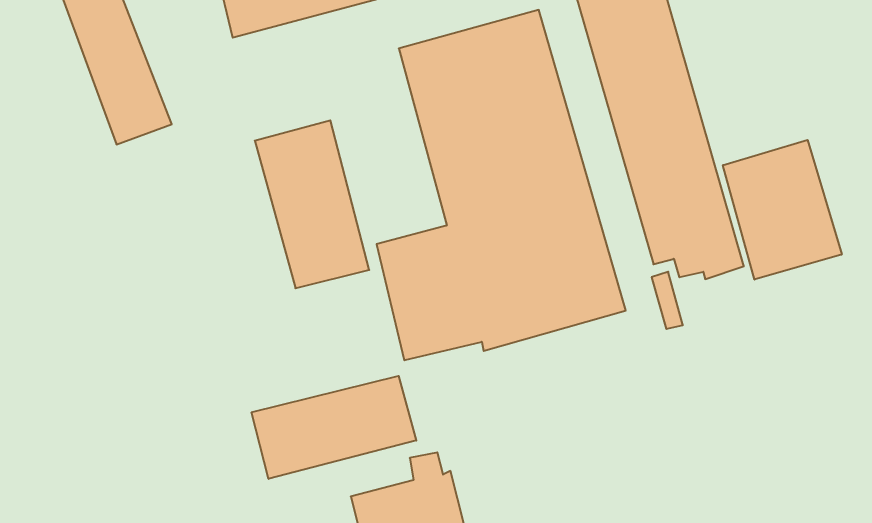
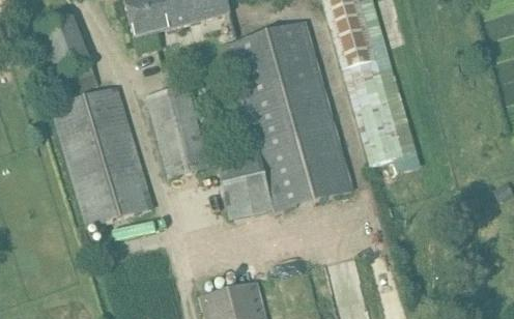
building: none -> [53,88,153,228]
building: [723,140,842,280] -> none
building: [252,376,416,479] -> none

